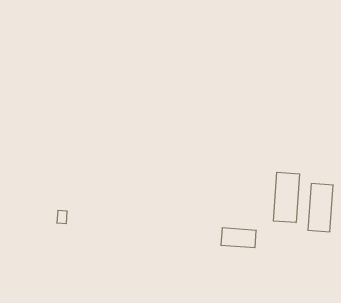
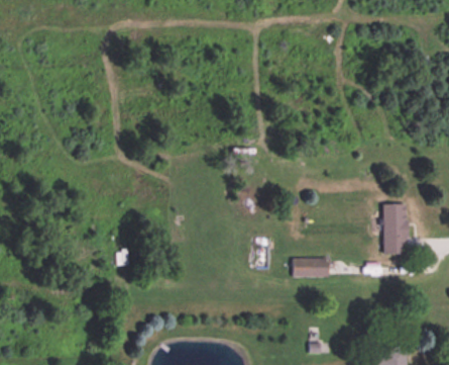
building: [273,172,300,223] -> none

